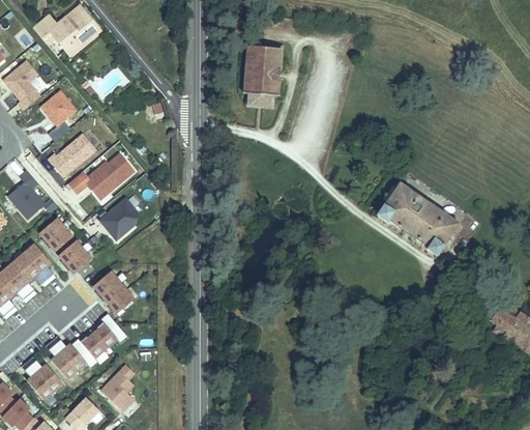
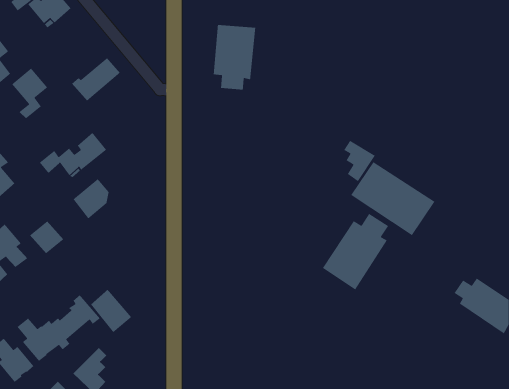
building: [48,133,96,176] -> [71,57,121,101]
building: none -> [343,140,376,182]
building: [39,217,72,251] -> none
building: none -> [322,213,389,290]
building: [93,269,135,313] -> [90,289,132,333]

